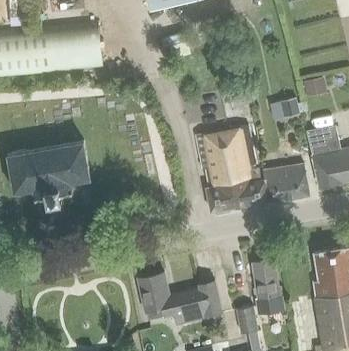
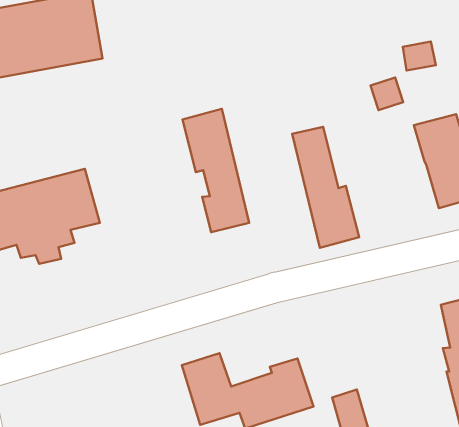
building: [197,129,236,211] -> [182,109,249,232]
building: [257,163,309,202] -> none
building: [252,257,283,311] -> none

